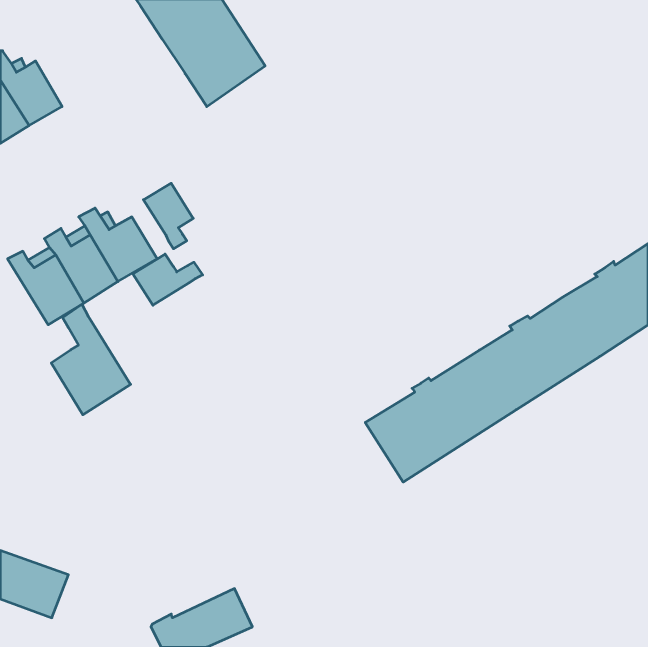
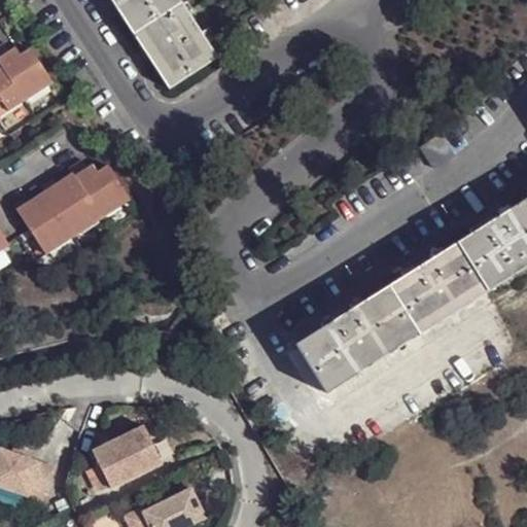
building: [143,183,193,249] -> none
building: [133,254,203,305] -> none
building: [51,304,131,415] -> none
building: none -> [96,420,162,480]

